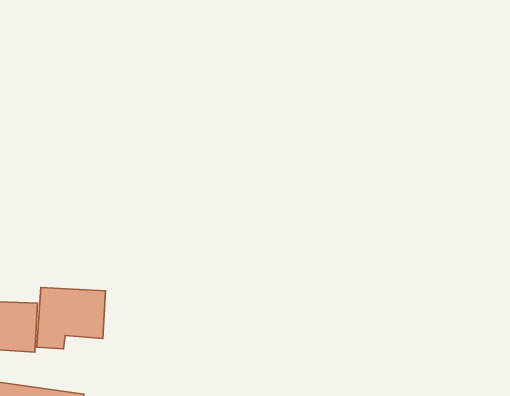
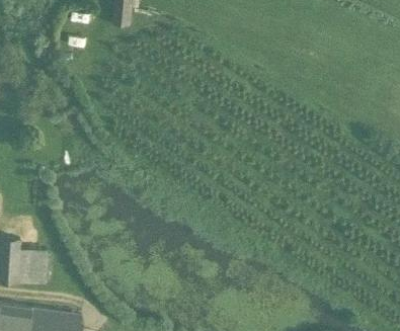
building: [37,288,106,349] -> none

